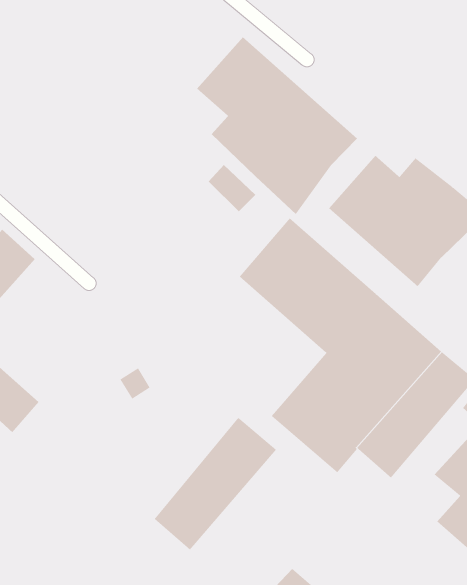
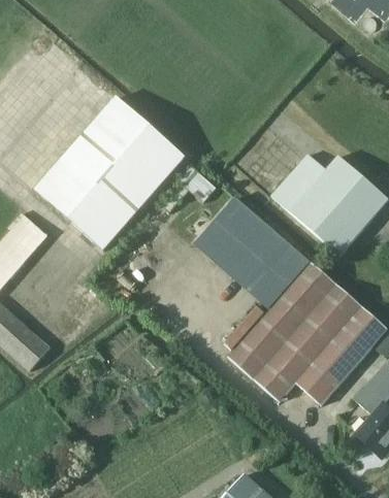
building: [196,36,358,215] -> none
building: none -> [33,96,184,250]
building: [154,417,277,550] -> none

